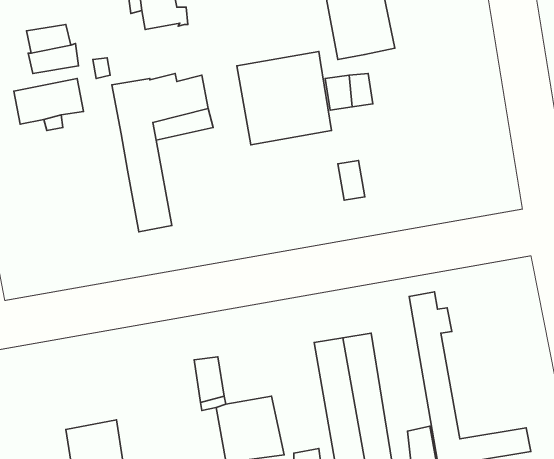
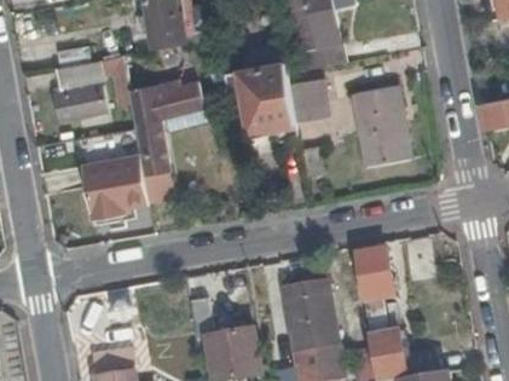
building: none -> [355,88,410,168]
building: none -> [81,156,149,220]

